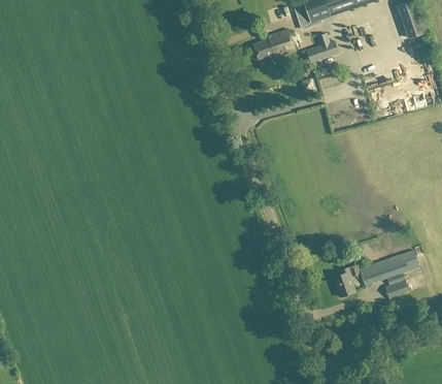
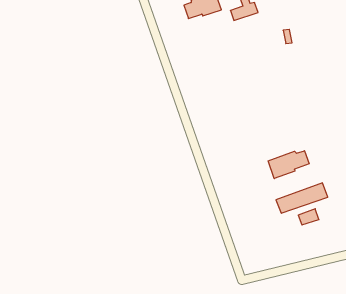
building: none -> [268,151,309,179]
building: [333,266,355,295] -> none

